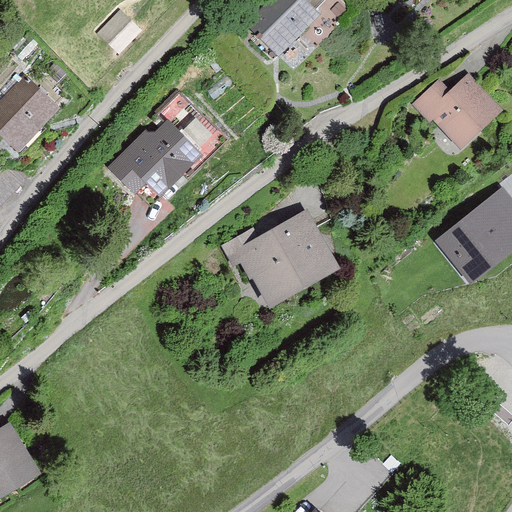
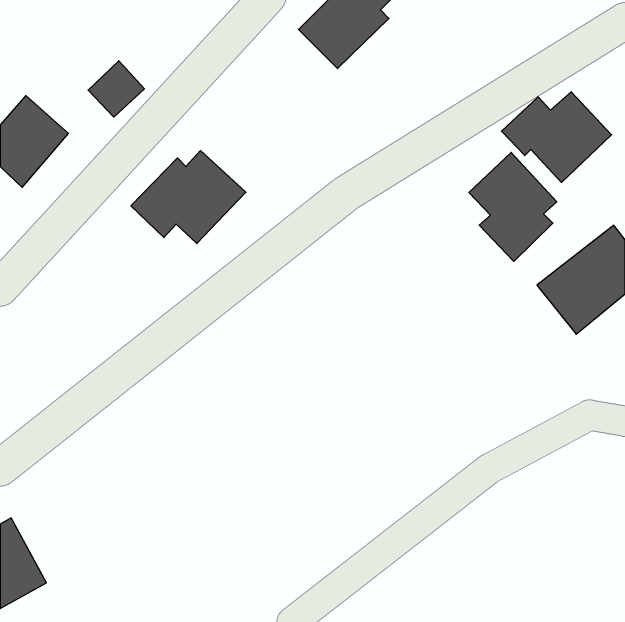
building: [98,6,144,52] -> [88,61,144,117]
building: none -> [469,152,557,261]
building: [222,211,339,308] -> none

